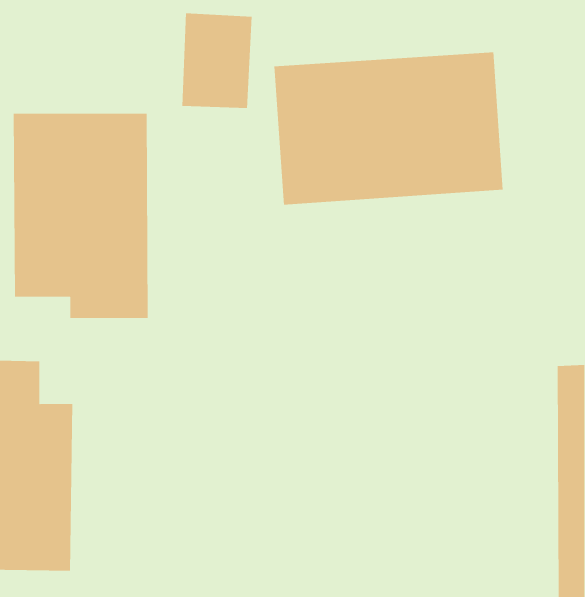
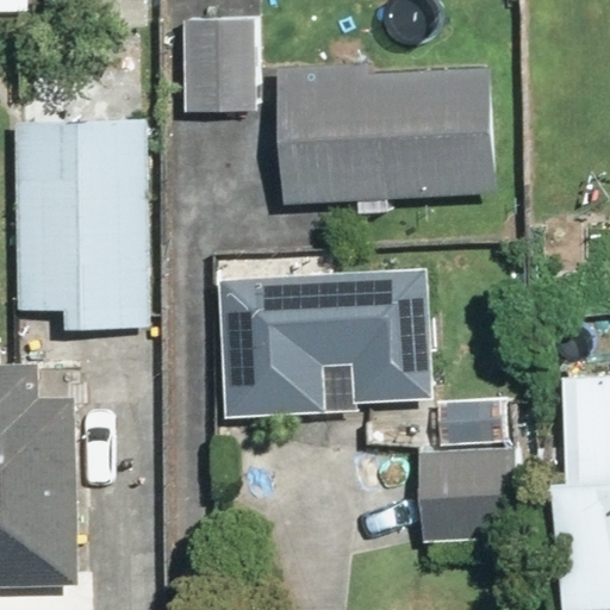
building: none -> [219,266,435,411]
building: none -> [418,454,524,542]

